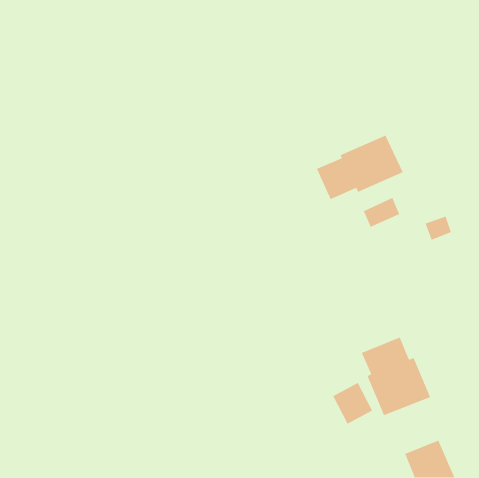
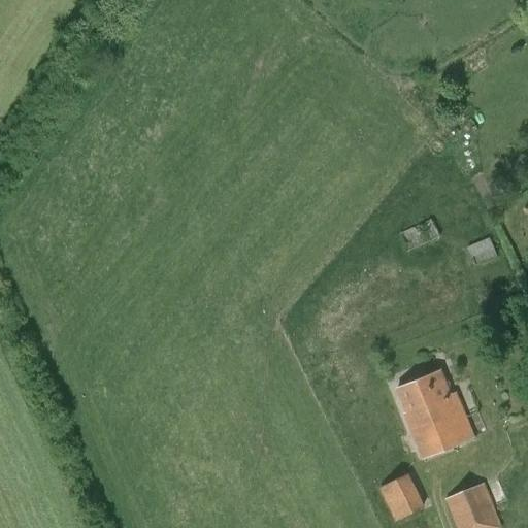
building: [316,135,404,200] -> none
building: [332,382,373,425] -> [381,473,426,521]

